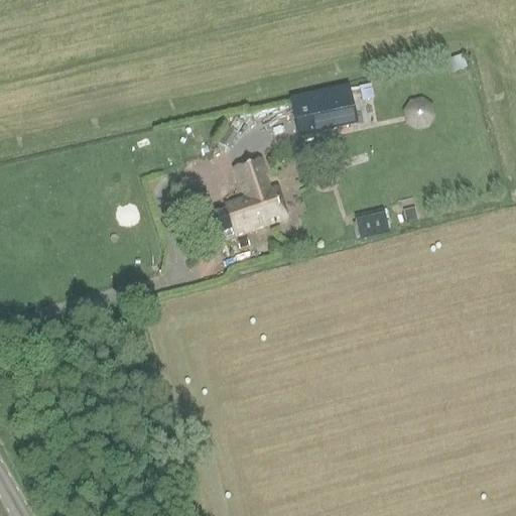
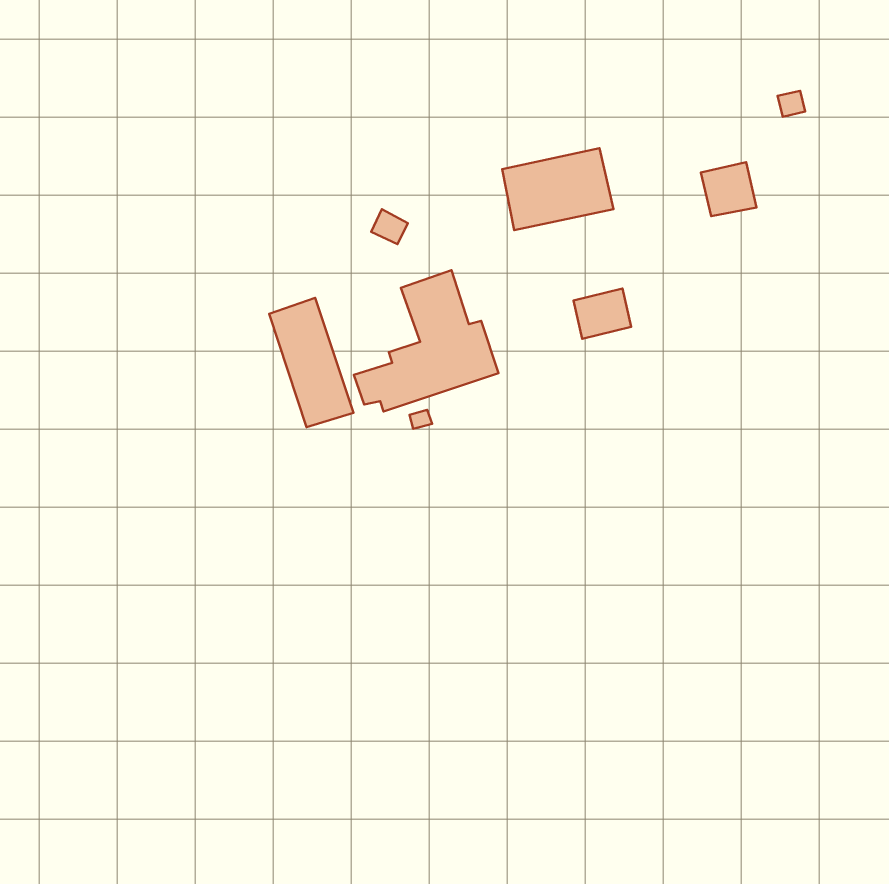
building: none -> [269,298,354,427]
building: [356,209,389,238] -> [574,288,631,339]

